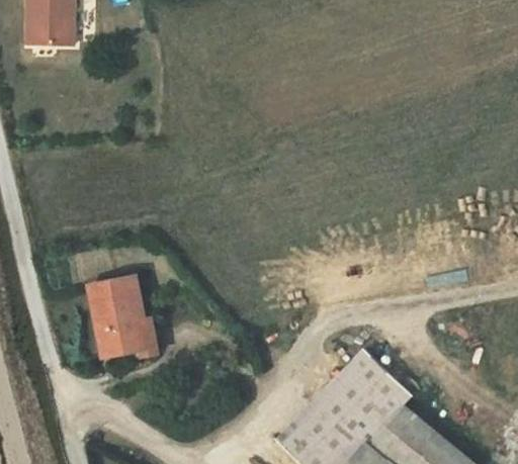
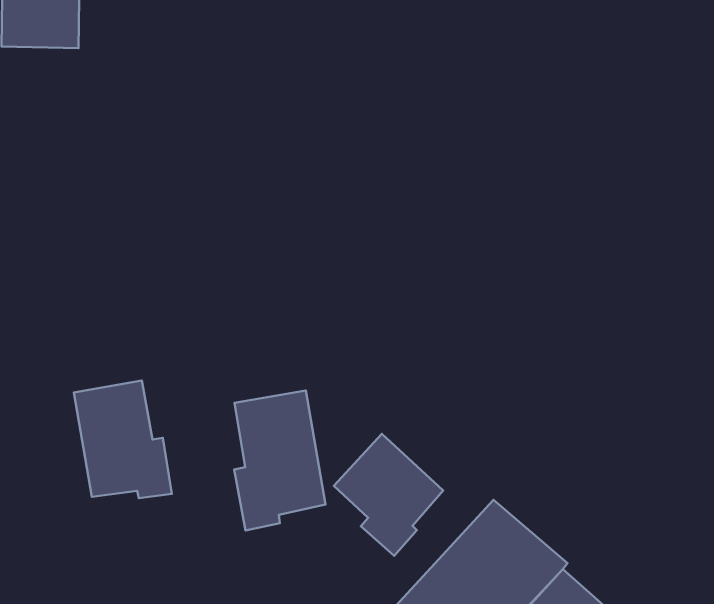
building: none -> [234,391,326,530]
building: none -> [334,434,443,556]

